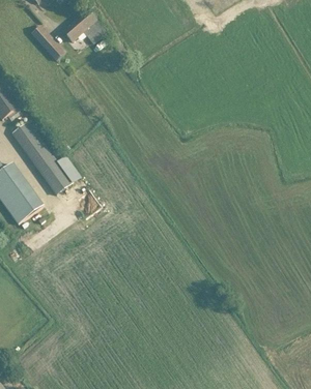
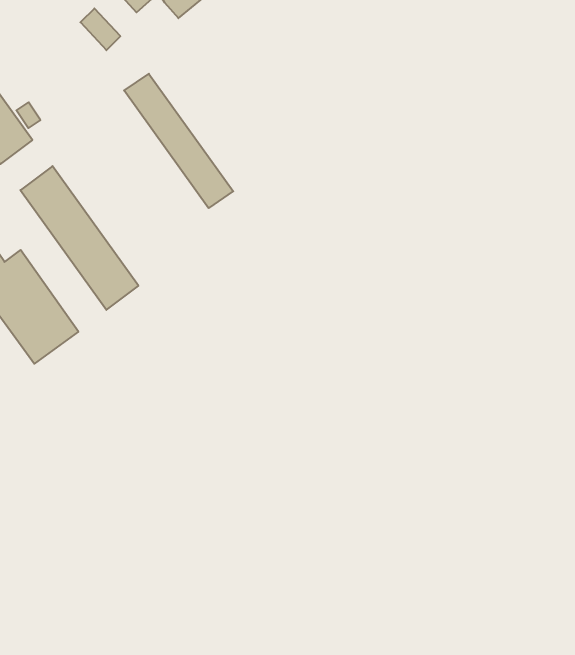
building: none -> [124,74,233,208]

